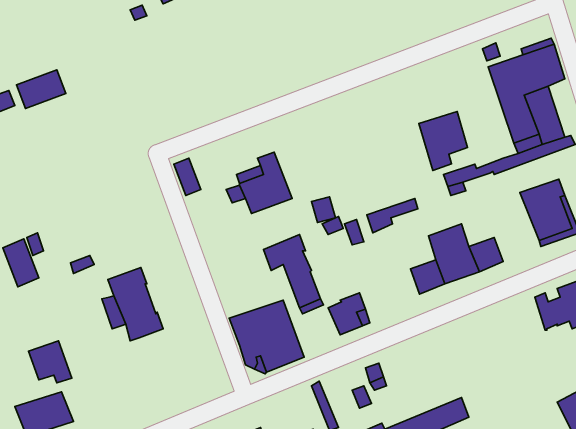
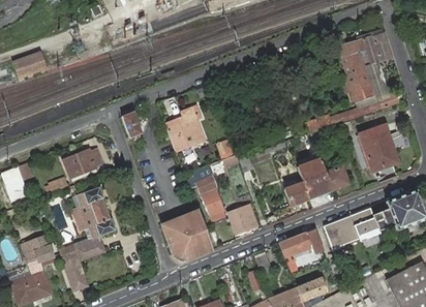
building: [419,112,468,170] -> none
building: none -> [63,149,103,178]
building: none -> [324,208,377,248]
building: none -> [278,229,322,255]
building: none -> [59,236,102,285]

